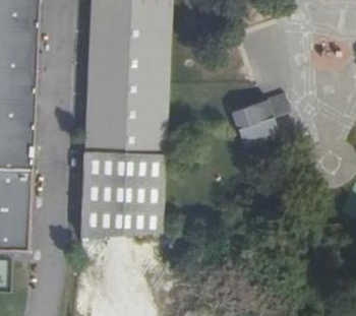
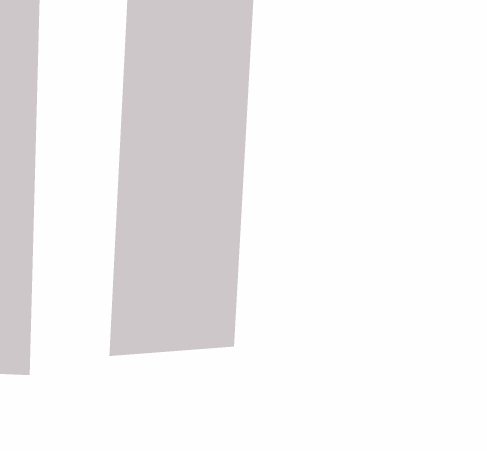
building: [232,96,292,164] -> none

